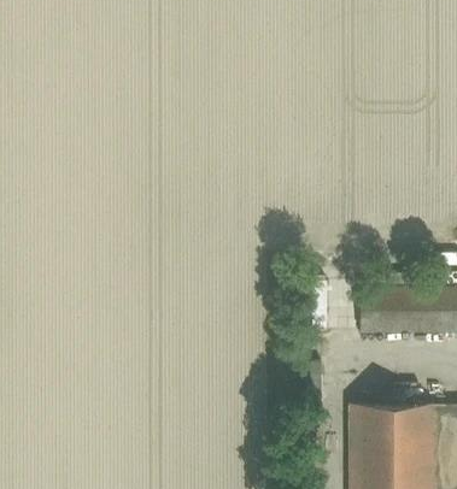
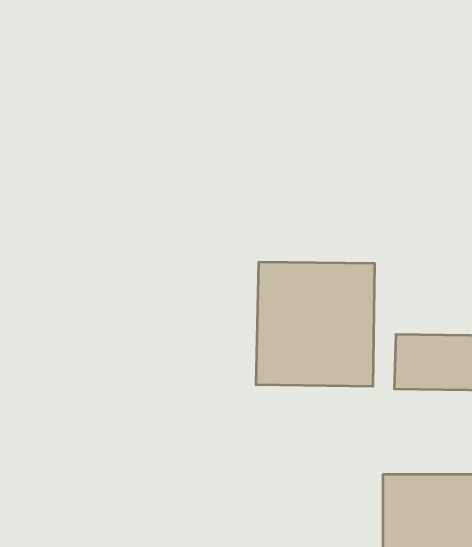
building: none -> [256,262,374,386]

